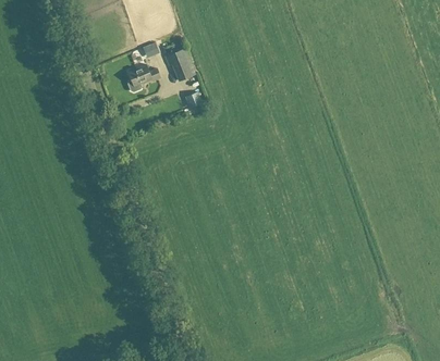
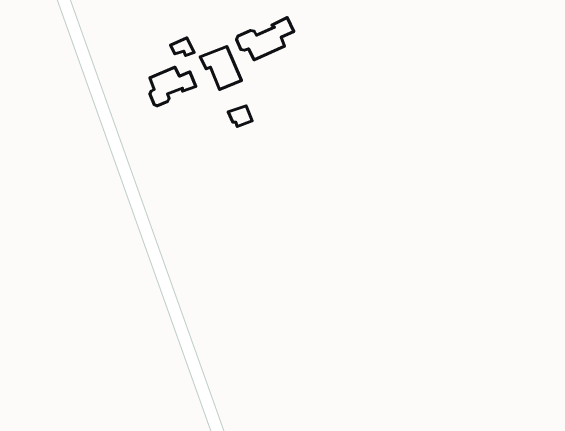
building: none -> [237,17,294,60]

